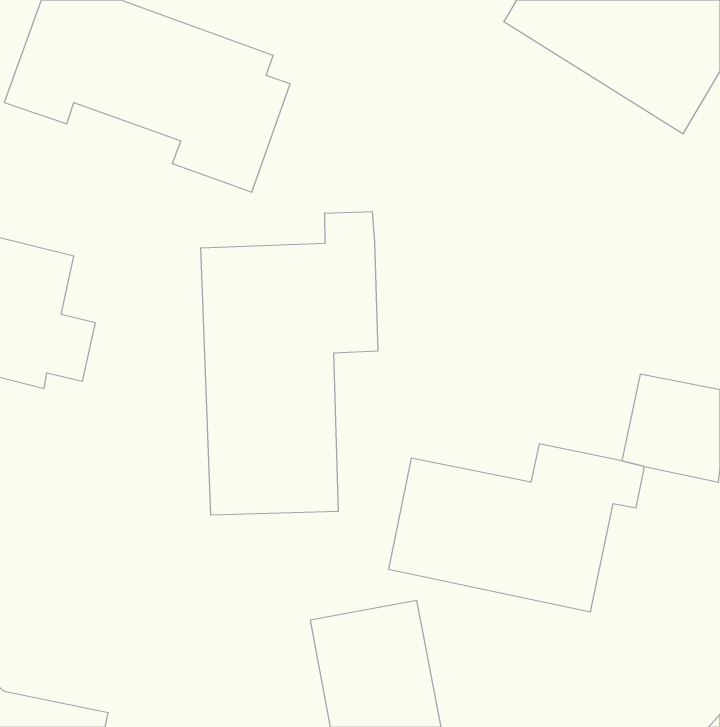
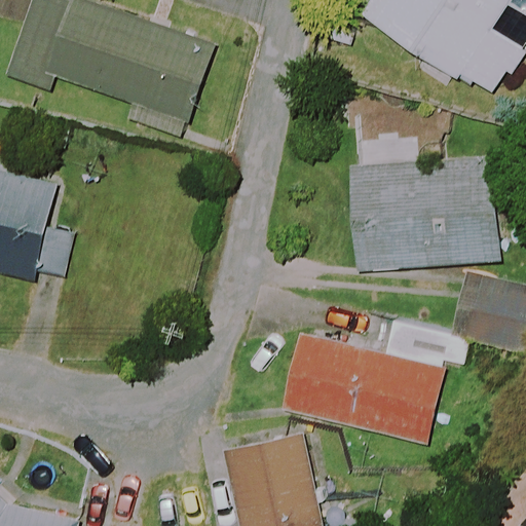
building: none -> [350,152,511,267]
building: [201,212,378,515] -> none

